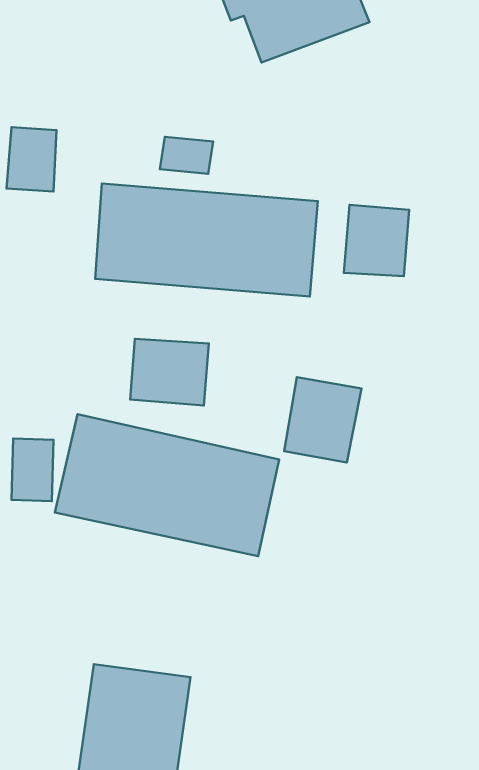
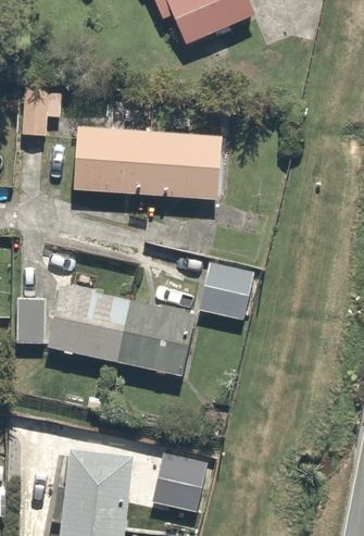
building: [344,205,409,276] -> none
building: [130,339,209,406] -> none
building: none -> [151,449,214,508]

